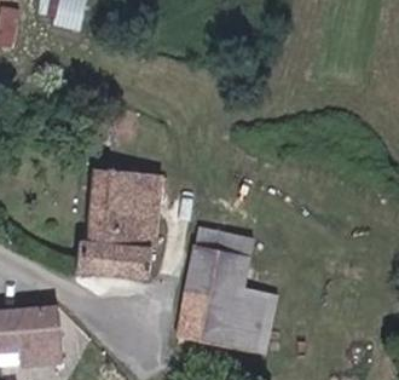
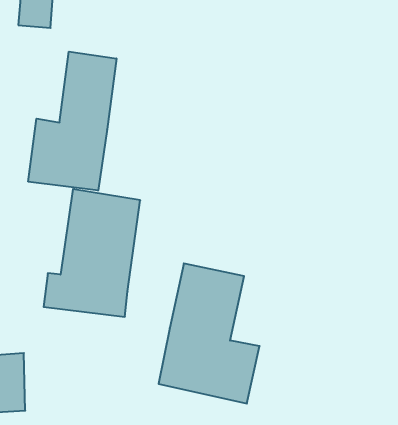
building: none -> [28,52,116,191]

